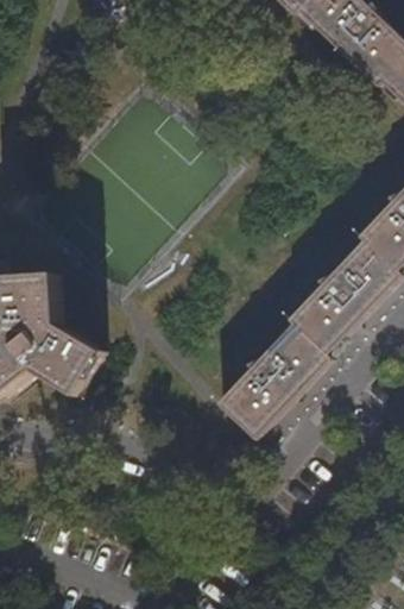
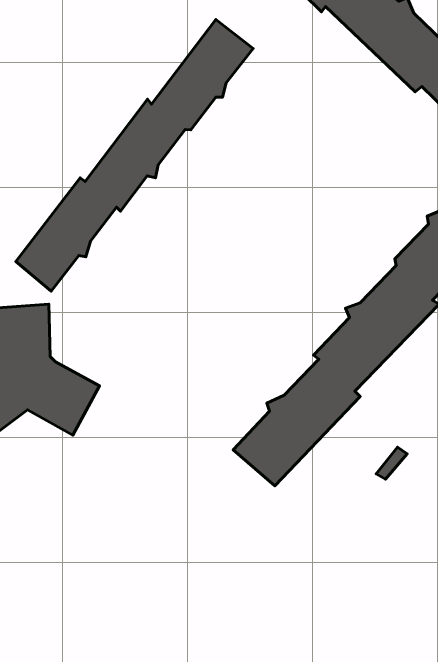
building: none -> [16,19,253,291]

